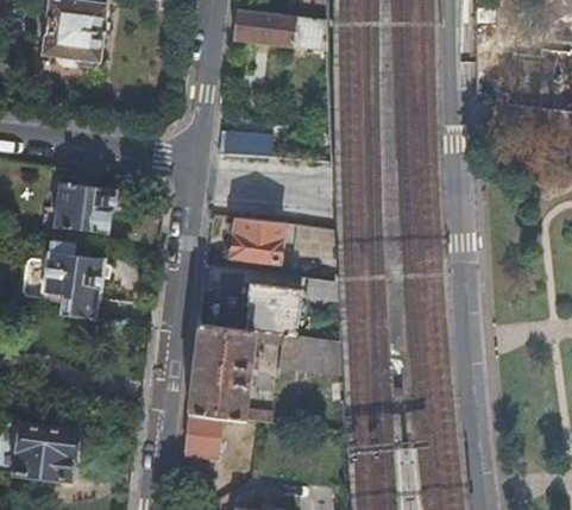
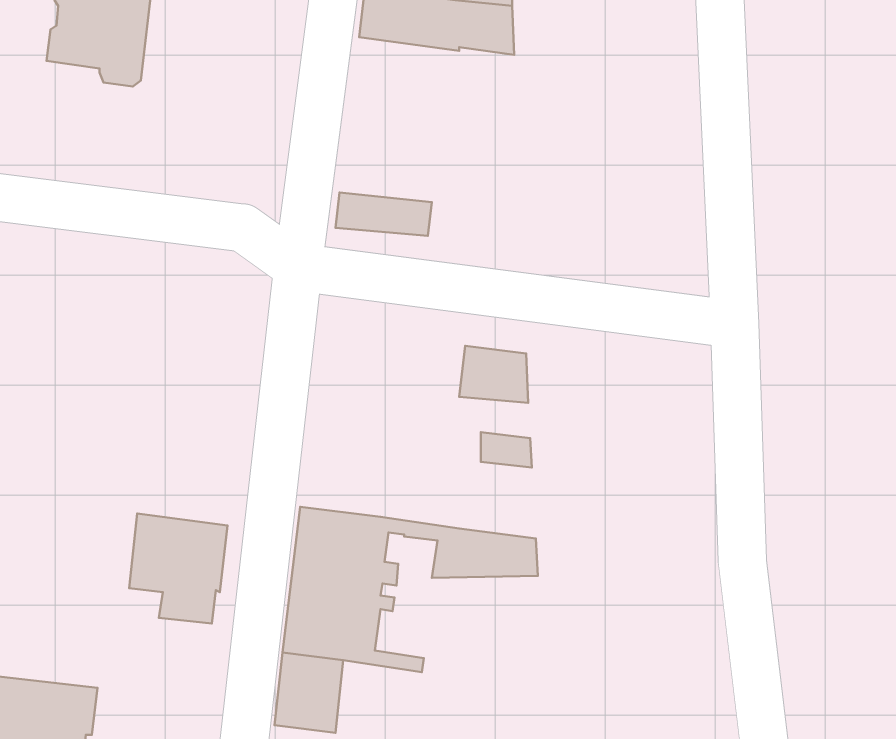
building: [54,184,115,235] -> none
building: [233,218,285,263] -> none
building: [44,254,103,321] -> [129,514,228,624]
building: [249,283,302,335] -> none

